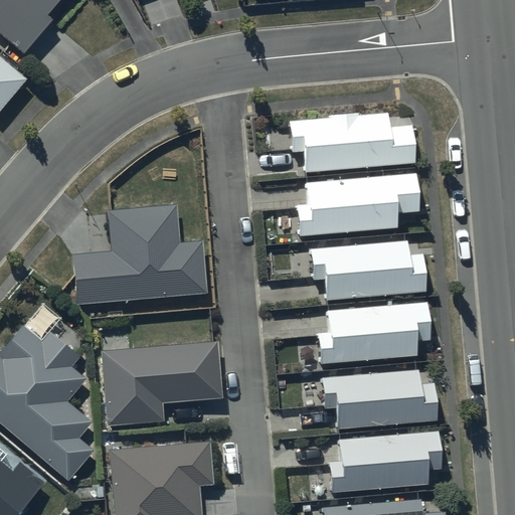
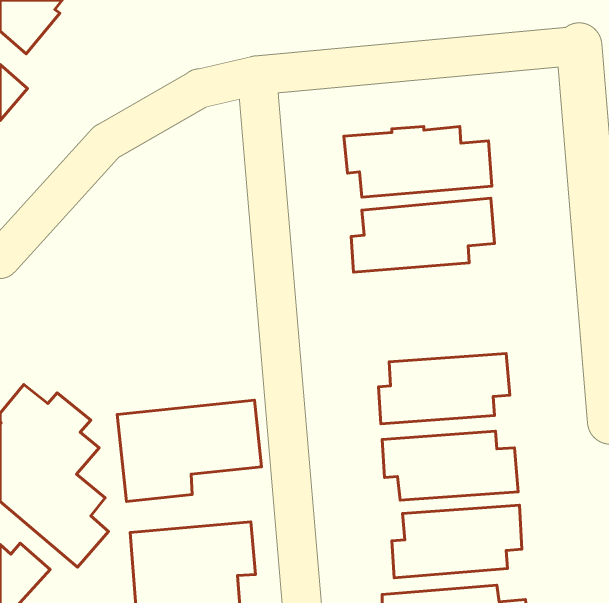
building: [73,205,206,304] -> none
building: [311,239,425,299] -> none

